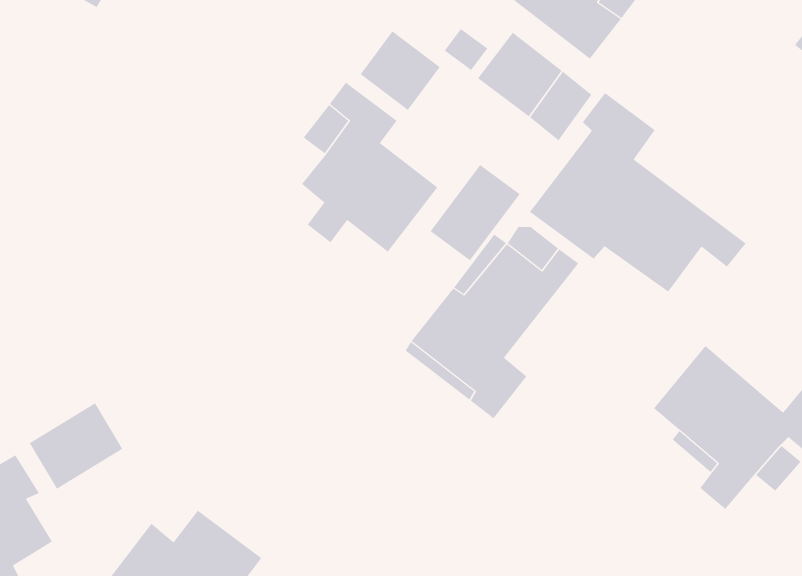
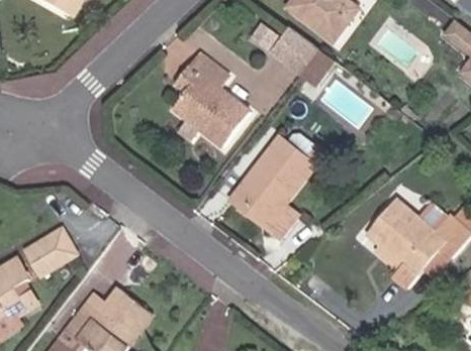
building: [360,31,441,111] -> none
building: [529,92,747,292] -> none
building: [430,164,520,261] -> none

